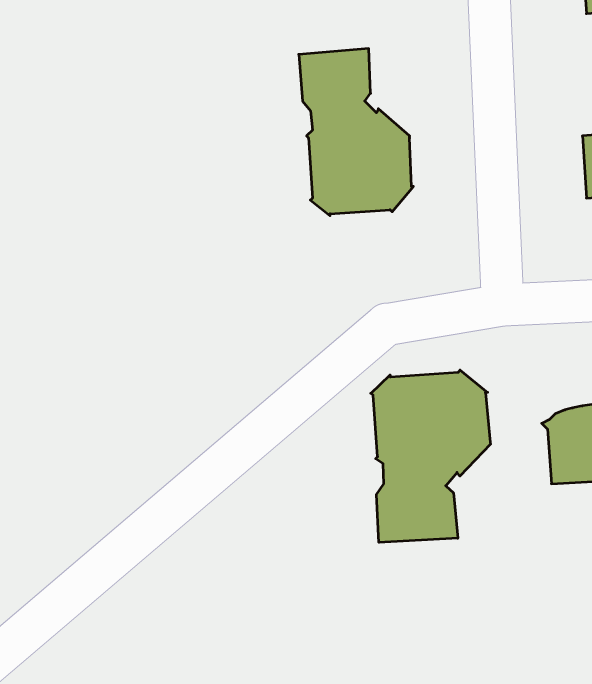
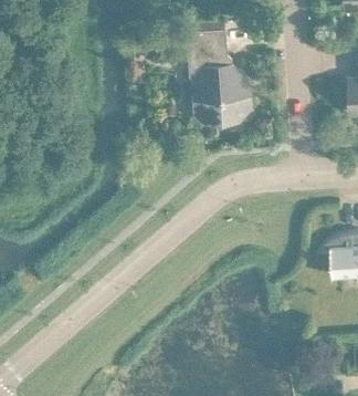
building: [371,370,491,542] -> none

